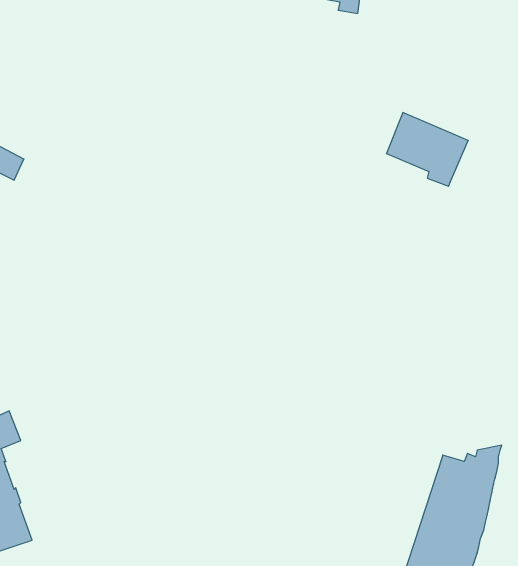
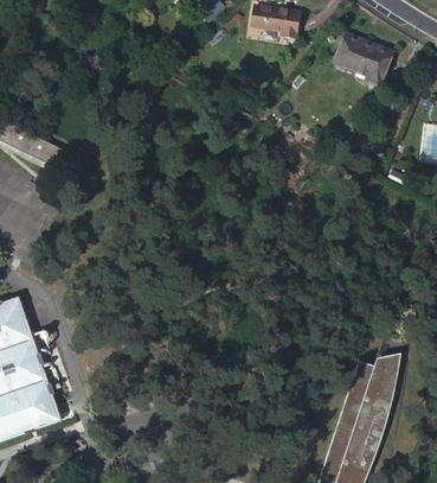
building: [386,113,468,186] -> [334,34,393,88]

